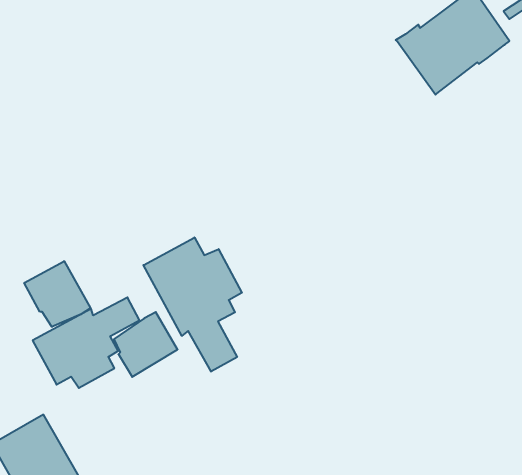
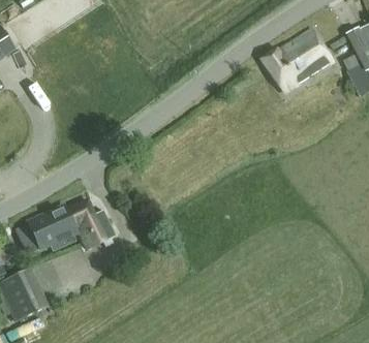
building: [143,237,242,372] -> none
building: [24,261,90,327] -> none

